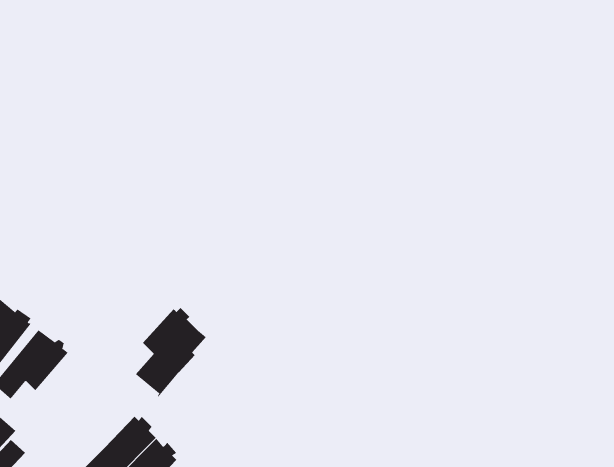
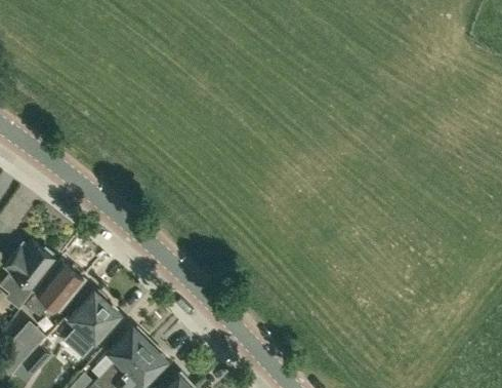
building: [135,307,207,398] -> [67,292,120,359]

